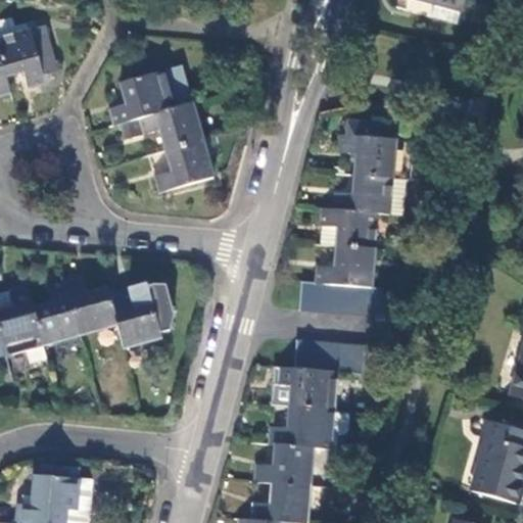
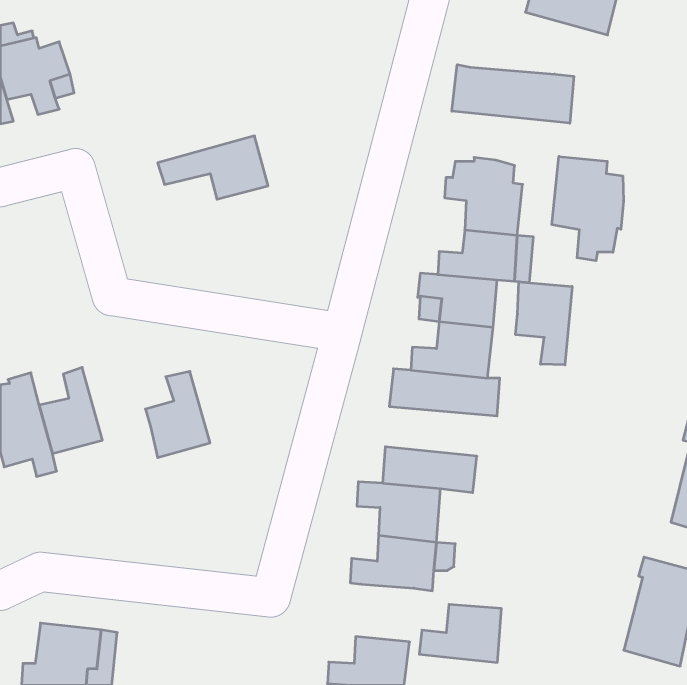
building: none -> [452,65,574,123]
building: [109,65,194,126] -> none
building: none -> [552,156,623,261]
building: [154,141,215,193] -> none
building: none -> [516,282,572,365]
building: [63,275,115,334] -> none
building: [252,443,315,487] -> [419,604,501,662]

